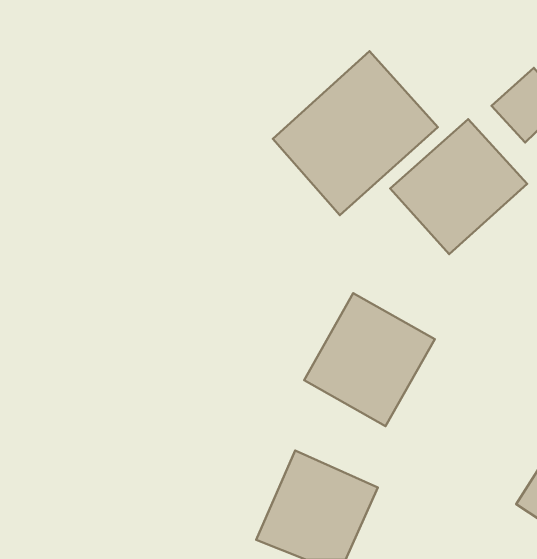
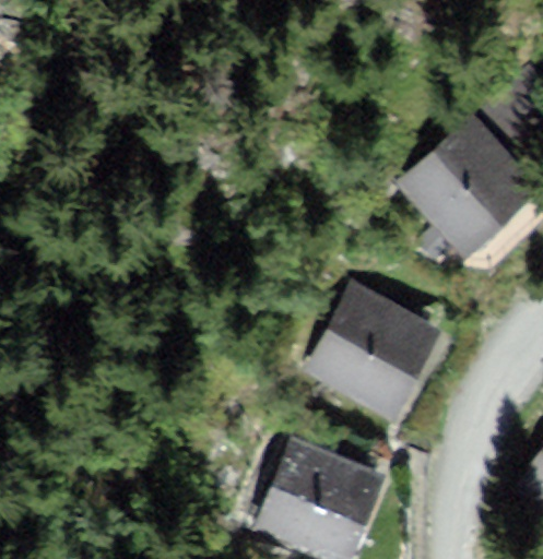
building: [273,51,438,215] -> none

